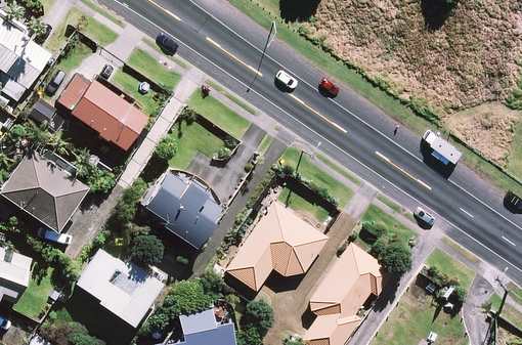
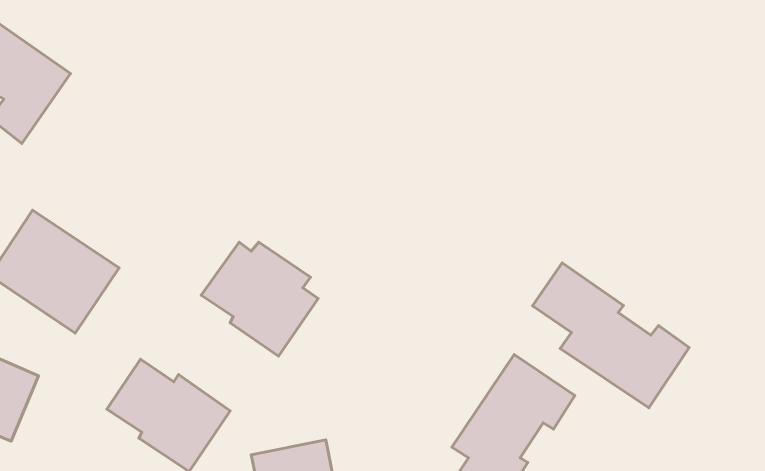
building: [59,74,144,150] -> none
building: none -> [533,263,689,408]
building: [227,202,328,292] -> none

